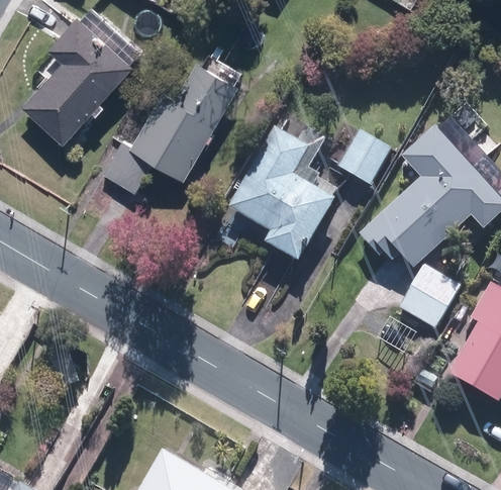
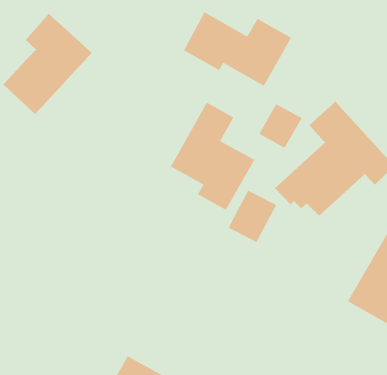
building: none -> [183,11,292,87]
building: [107,61,238,188] -> none
building: [400,263,462,329] -> [227,189,277,243]

